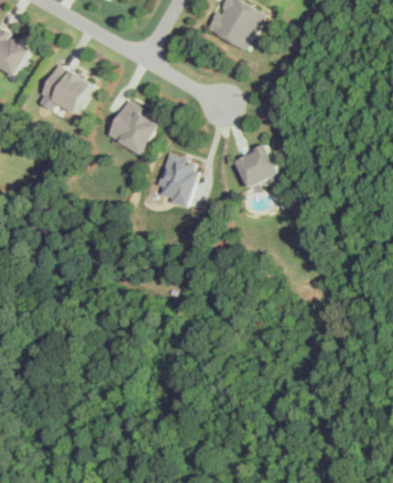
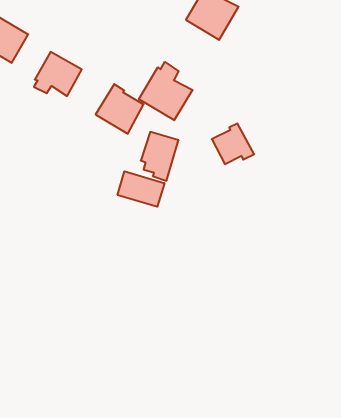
building: none -> [139,62,193,120]
building: none -> [118,171,164,207]

